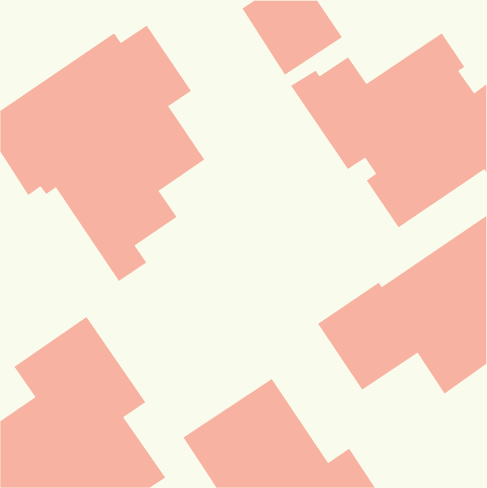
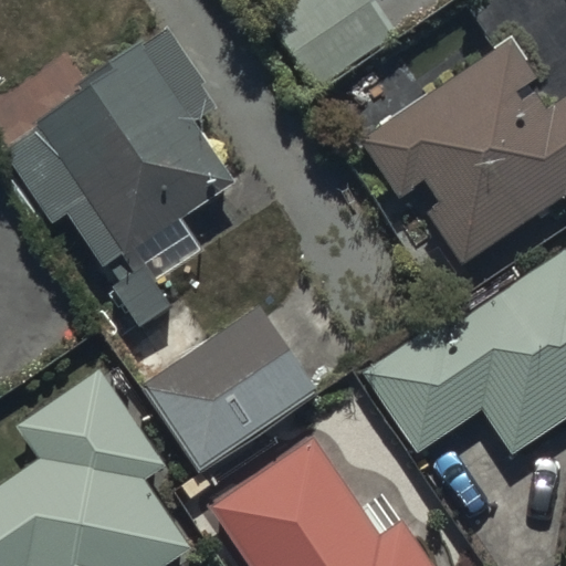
building: none -> [117,304,317,473]

